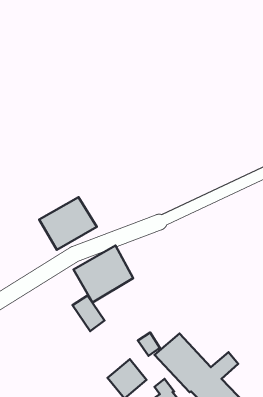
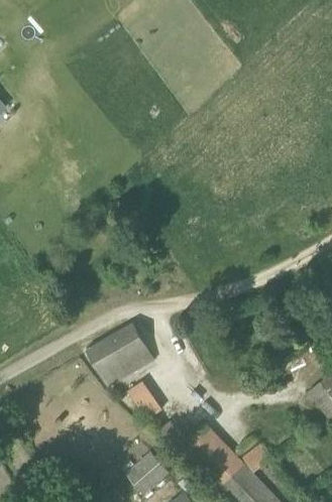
building: [39,197,97,250] -> none
building: [73,295,105,331] -> [125,381,161,421]

